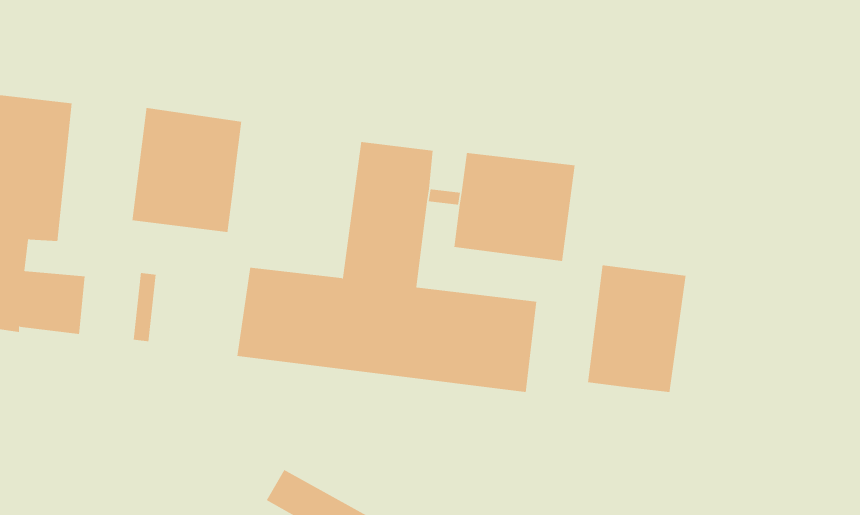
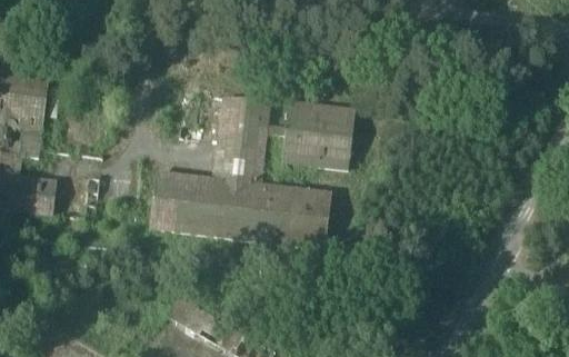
building: [132,107,242,233] -> none
building: [587,265,686,393] -> none

